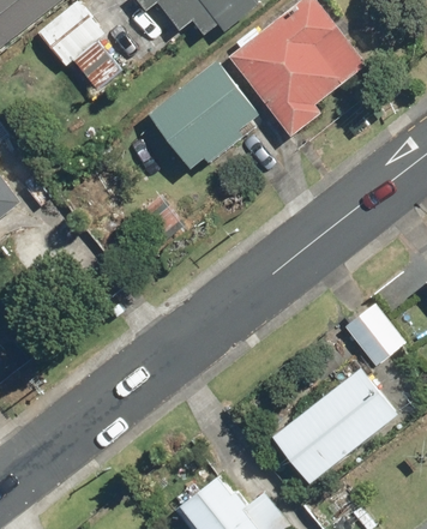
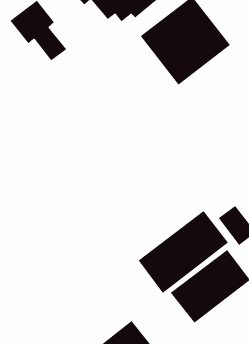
building: [148,60,255,166] -> none
building: none -> [138,210,229,294]

